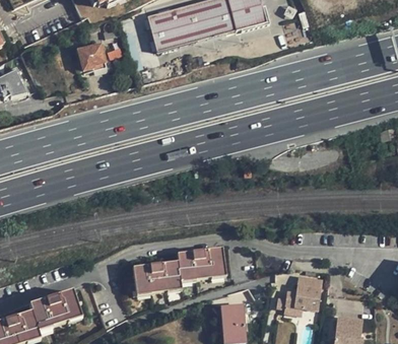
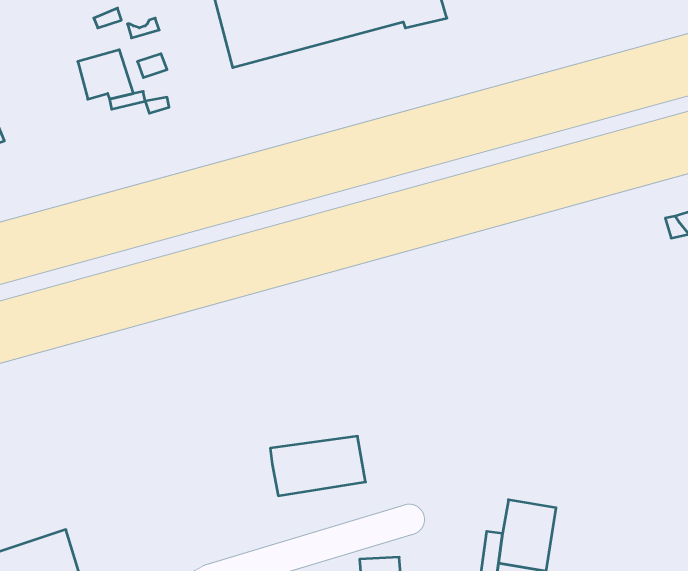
building: [133,256,182,285] -> none

